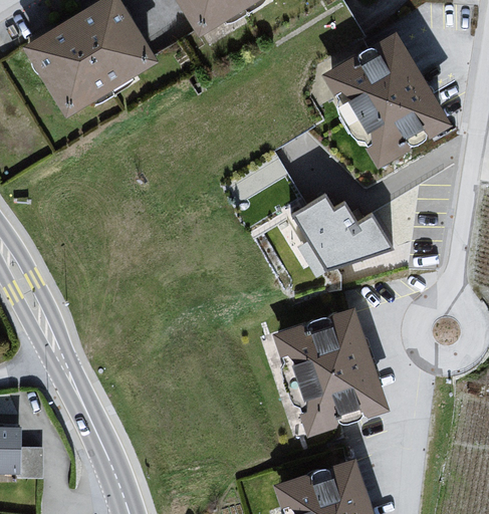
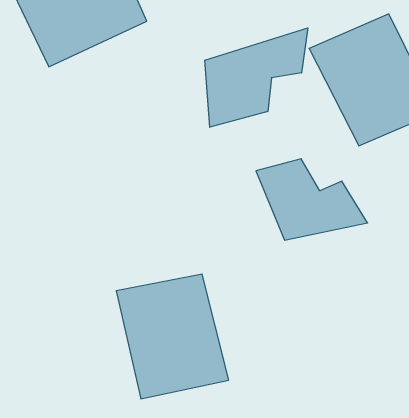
building: none -> [205,28,308,127]
building: [268,308,391,440] -> [116,274,229,399]

